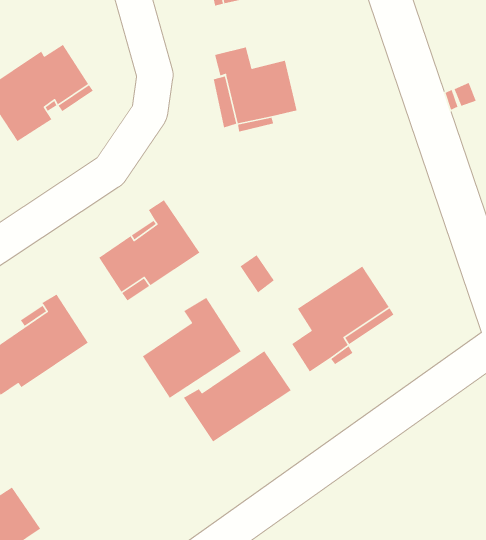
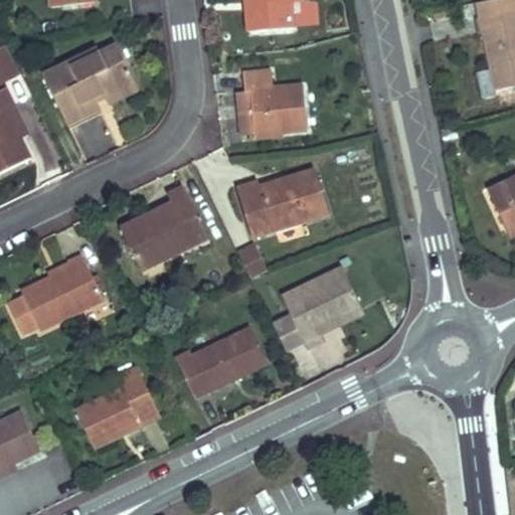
building: none -> [236,169,328,235]
building: [142,297,242,399] -> [75,366,160,448]

